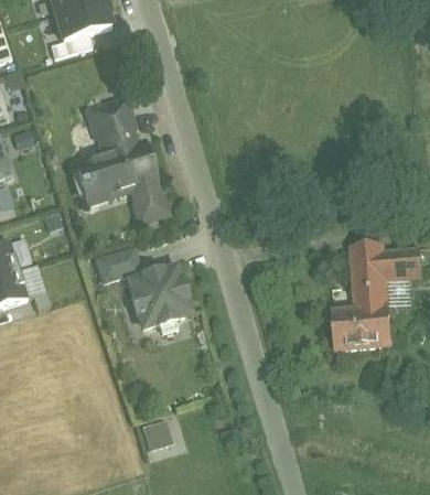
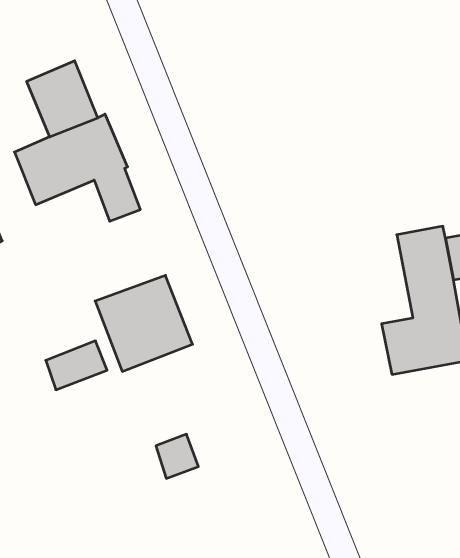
building: [96,247,140,280] -> [46,341,107,390]
building: [142,418,172,449] -> [156,434,198,478]

